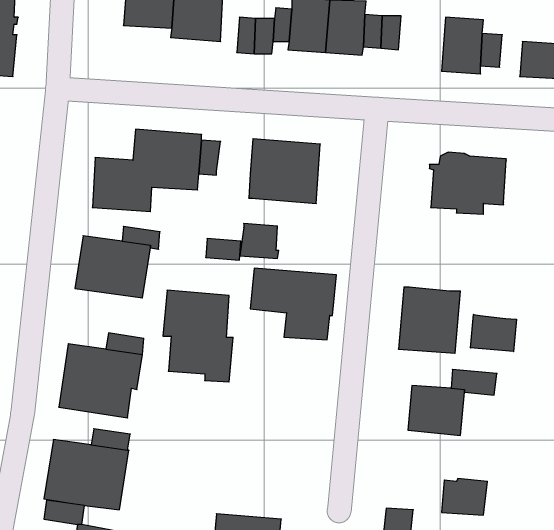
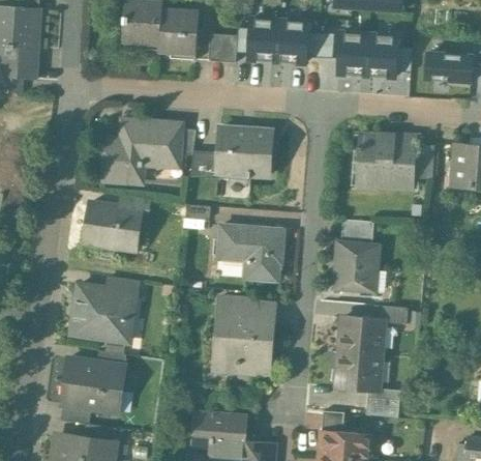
building: none -> [337,32,368,76]
building: none -> [413,144,433,177]
building: [240,223,279,258] -> [189,152,219,179]
building: none -> [340,220,373,244]
building: [163,290,233,382] -> [217,301,271,372]
building: [471,314,516,352] -> none
building: none -> [336,351,380,391]

